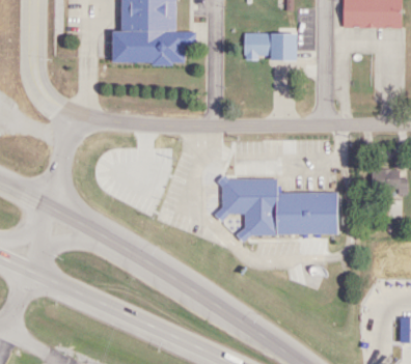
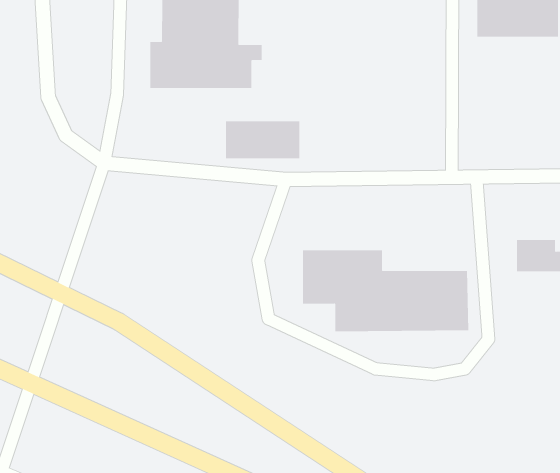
building: [244,32,297,59] -> [225,121,300,159]

